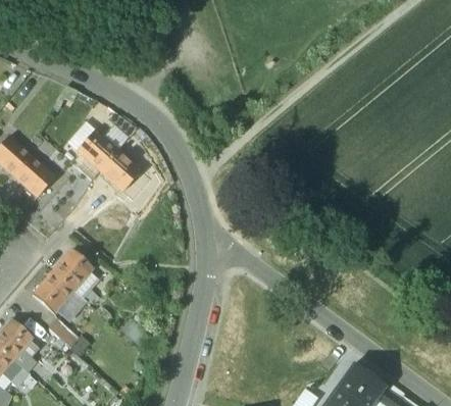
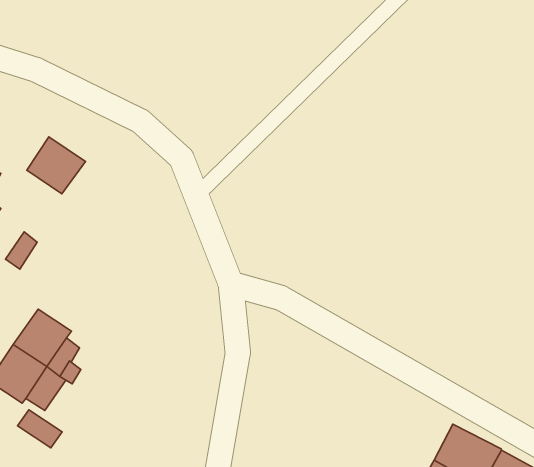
building: [99,150,141,191] -> none

